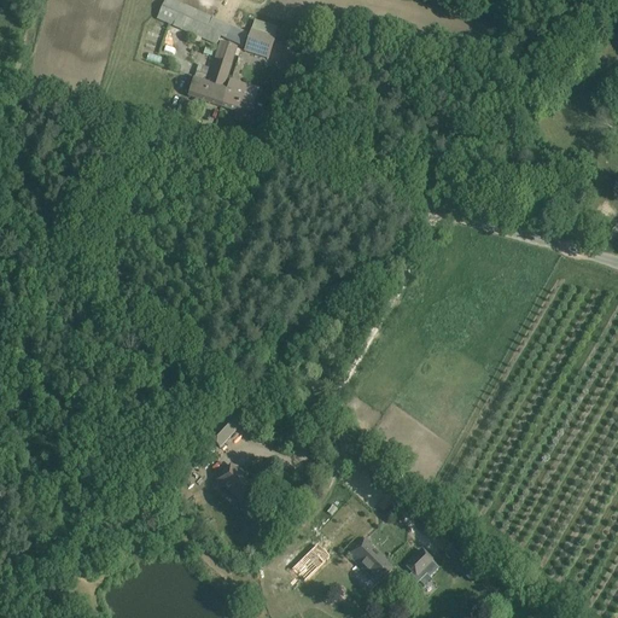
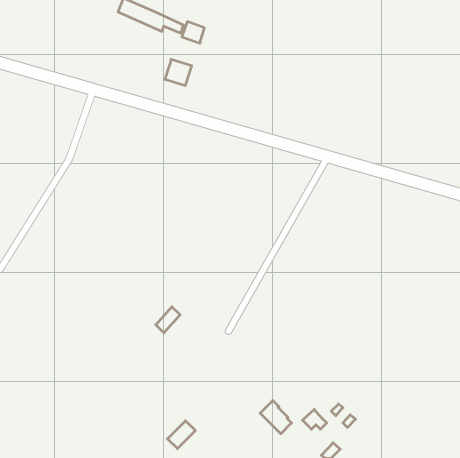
building: [188,40,237,106] -> none
building: [215,464,250,497] -> none
building: [292,543,330,581] -> [167,421,195,449]

